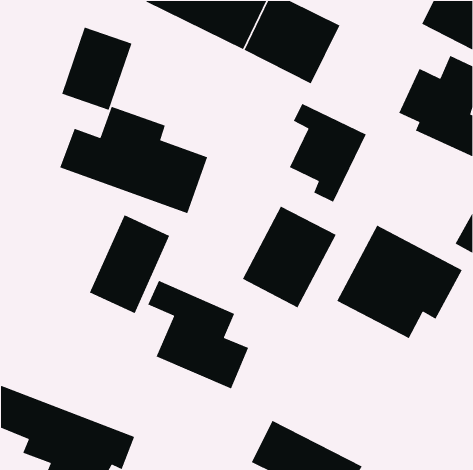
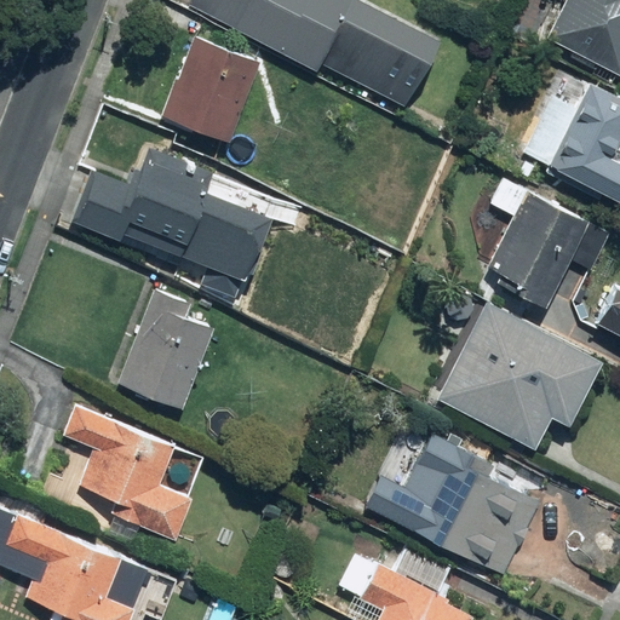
building: [61,26,132,111] -> [162,33,256,143]
building: [289,103,367,203] -> [489,178,591,309]
building: [242,205,337,308] -> none
building: [147,280,249,389] -> [58,402,191,545]
building: none -> [373,434,539,576]

